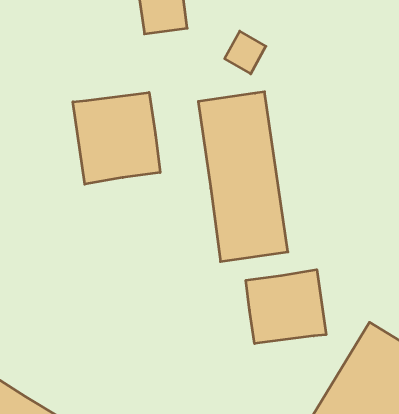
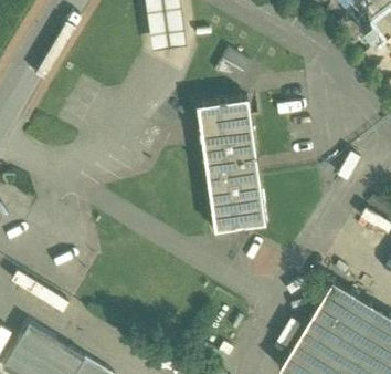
building: [73,92,160,184] -> none
building: [246,270,326,344] -> none

